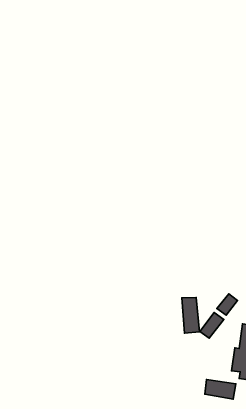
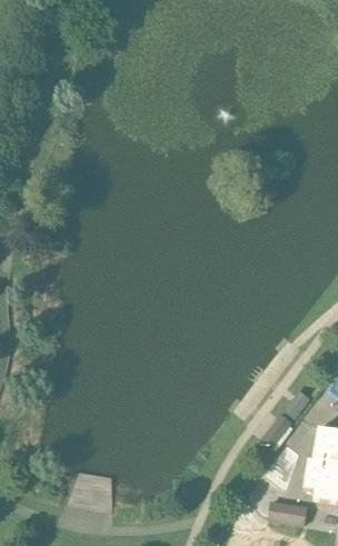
building: [182,298,200,333] -> none

